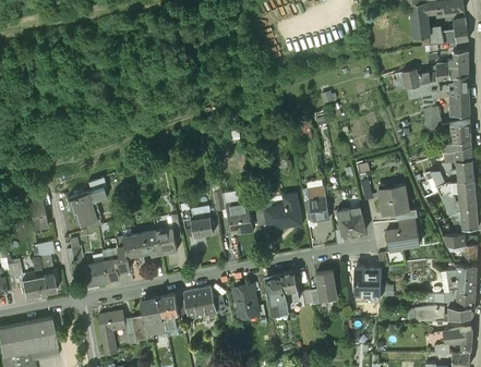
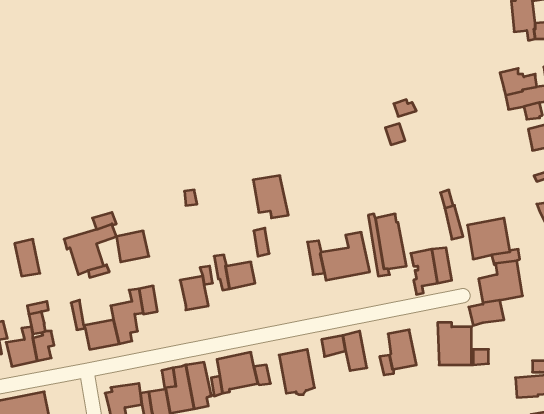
building: [227,203,254,235] -> [253,176,288,218]
building: [135,231,160,255] -> [116,231,149,262]
building: [267,285,288,315] -> none

